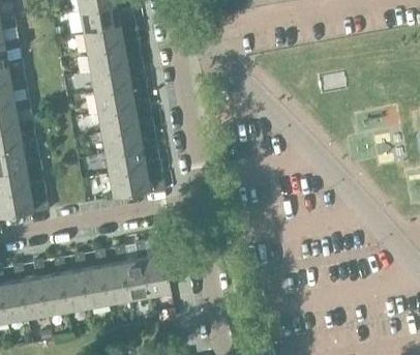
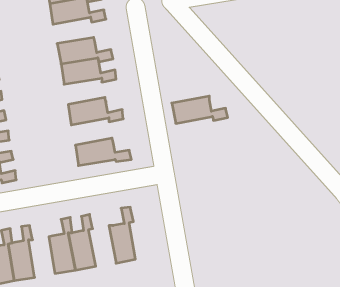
building: [87,46,144,72] -> none
building: [98,108,155,135] -> none
building: [106,148,162,176] -> [172,96,228,123]
building: [123,242,151,299] -> none
building: [62,254,89,310] -> none

